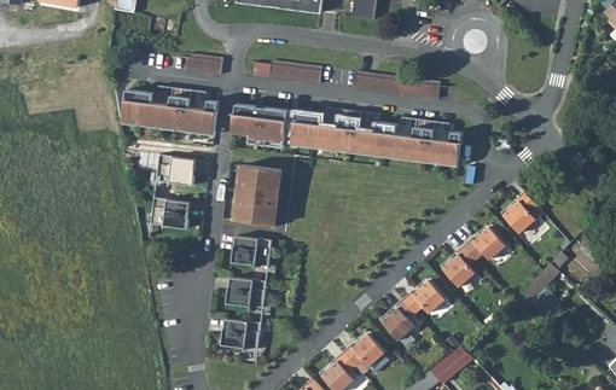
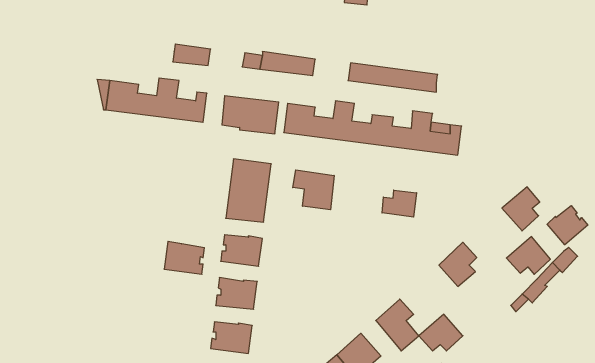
building: [156,156,194,186] -> none
building: none -> [293,170,334,210]
building: none -> [382,190,417,217]
building: [150,198,188,229] -> [164,241,204,274]
building: none -> [547,206,588,245]
building: [464,225,506,261] -> [506,237,550,274]
building: [403,279,446,314] -> [419,314,463,351]

